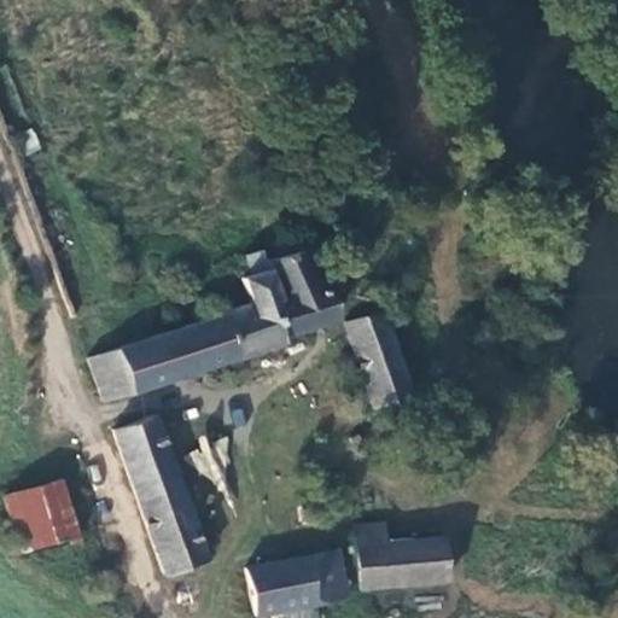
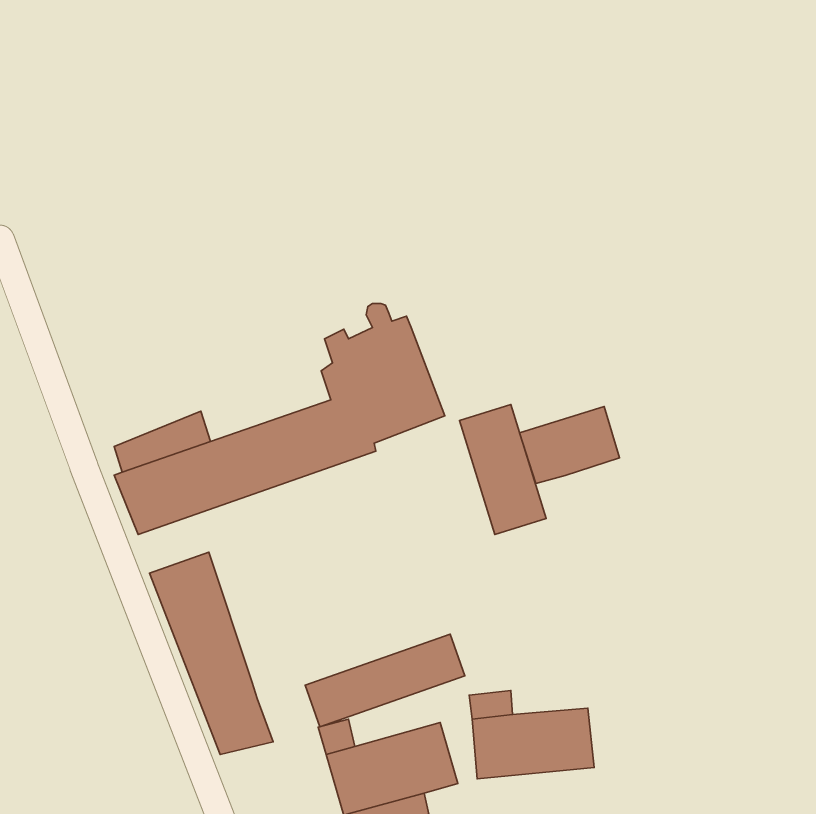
building: none -> [520,407,620,484]
building: none -> [305,634,465,727]
building: [8,484,81,555] -> none

